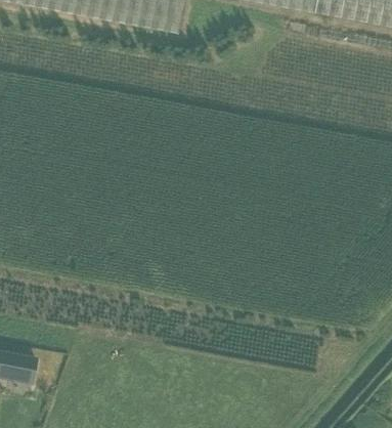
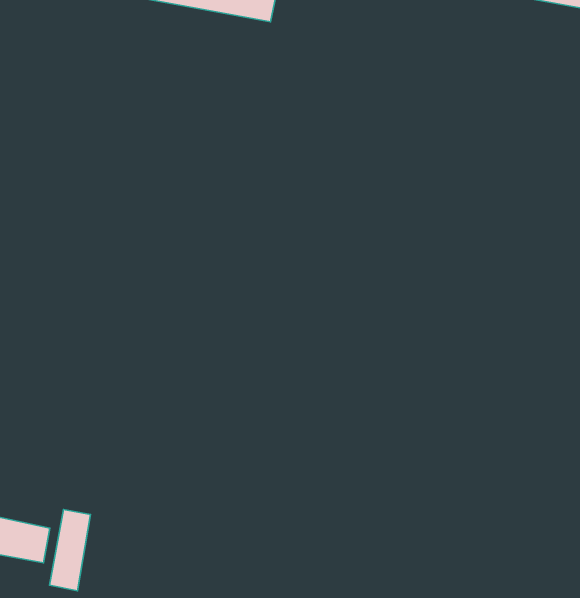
building: none -> [50,510,90,591]

